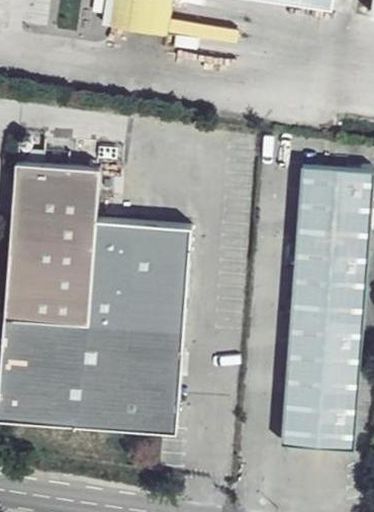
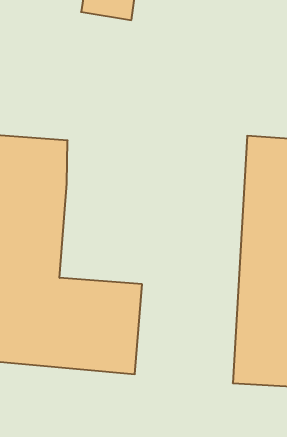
building: [88,219,189,332] -> none

